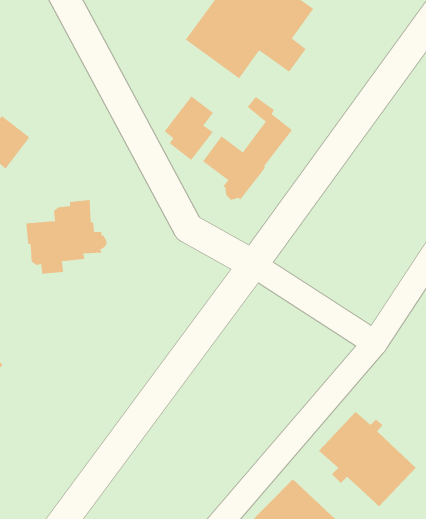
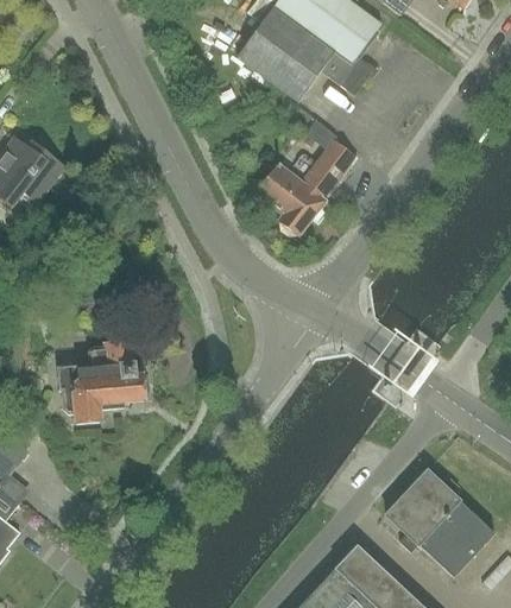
building: [164,95,214,161] -> none
building: [25,200,108,274] -> [57,340,149,423]

